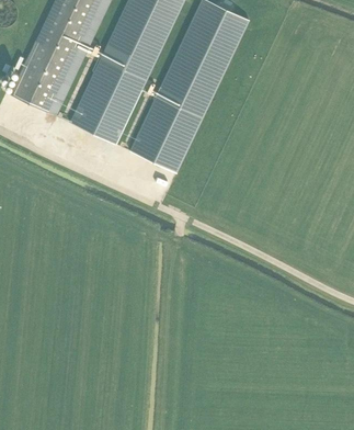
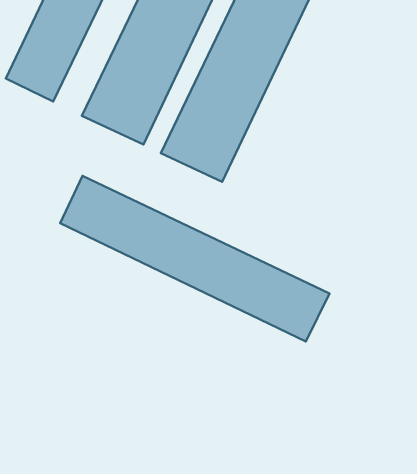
building: none -> [60,176,330,342]

